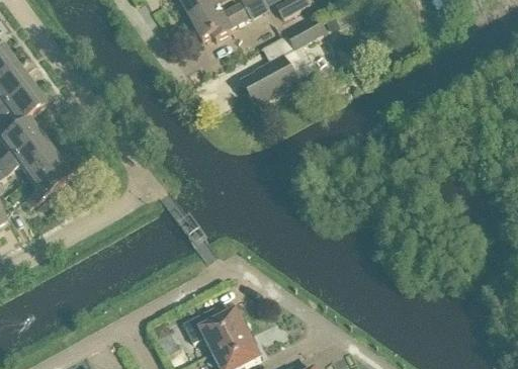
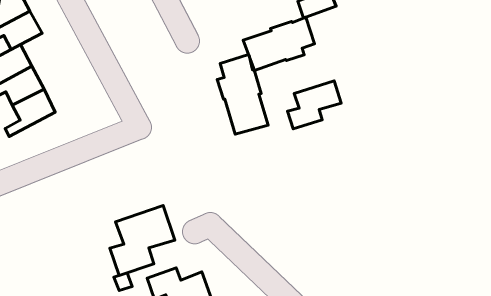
building: none -> [217,55,268,134]
building: none -> [288,81,341,129]
building: none -> [110,205,175,275]

